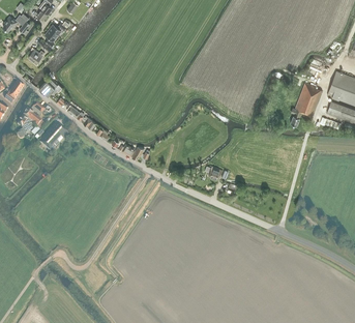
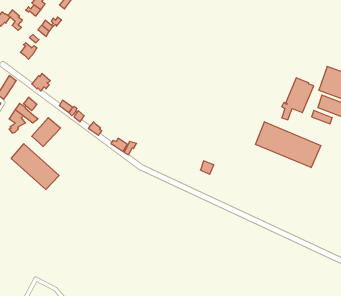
building: none -> [256,122,321,168]
building: none -> [11,144,59,190]

